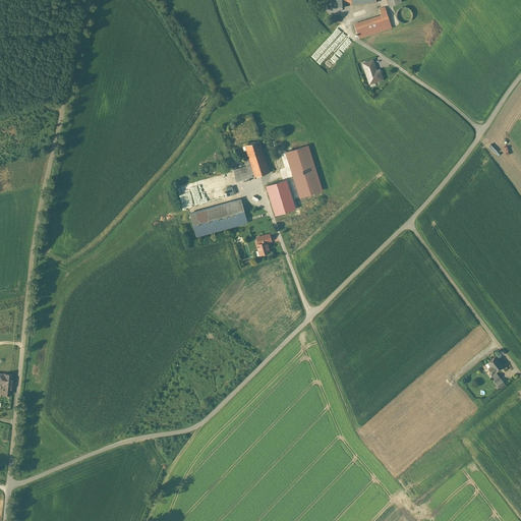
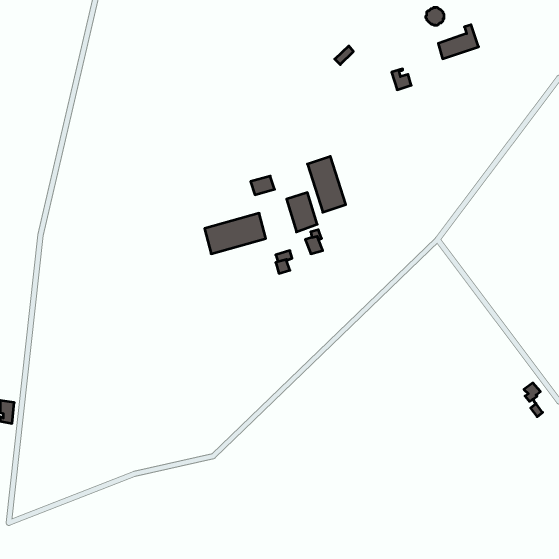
building: [354,7,392,39] -> [438,25,479,59]
building: [245,140,270,176] -> none

